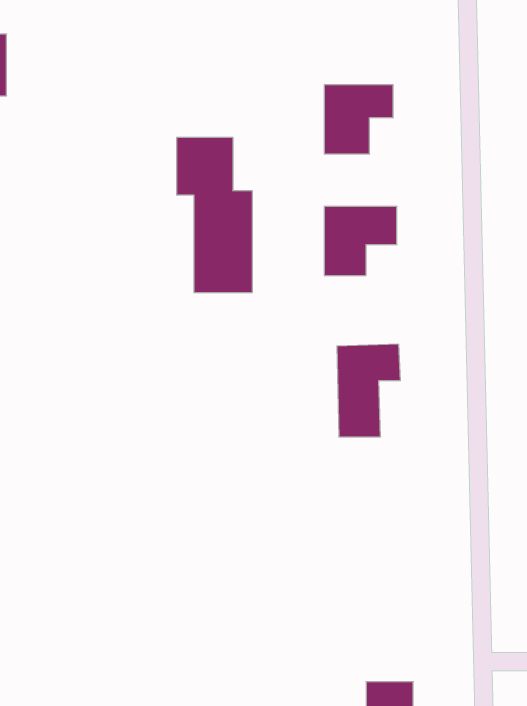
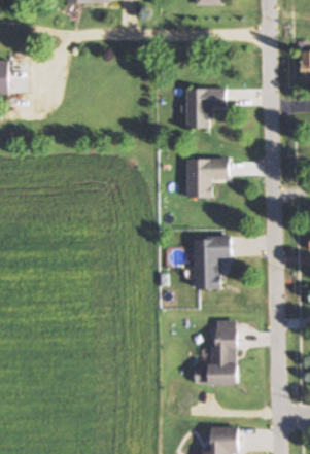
building: [177,137,252,293] -> none
building: none -> [194,320,236,385]

